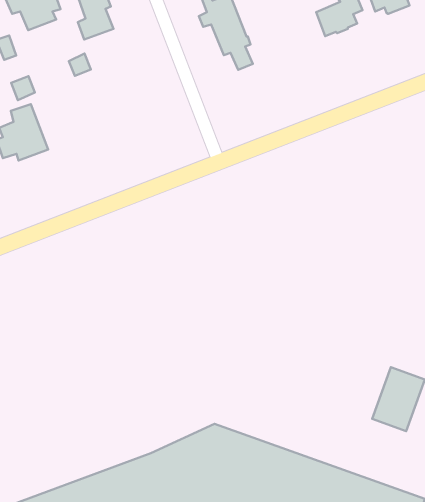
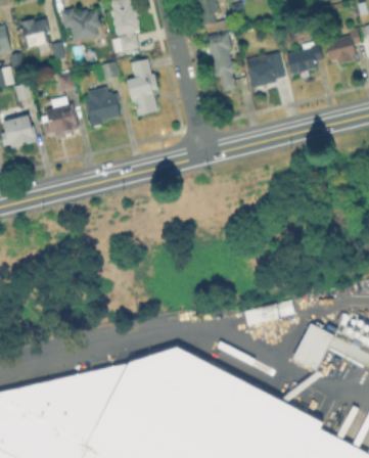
building: none -> [247,53,286,88]
building: none -> [129,59,157,114]
building: none -> [86,88,122,127]
building: none -> [242,297,291,324]

